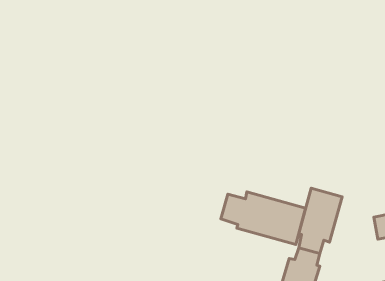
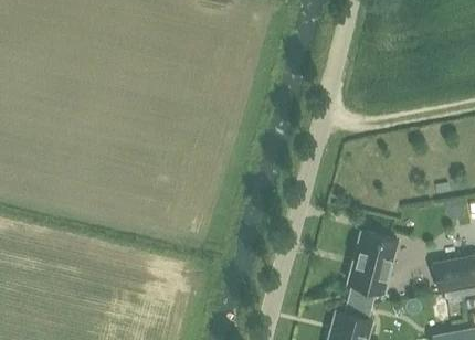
building: [221,192,306,244] -> none

